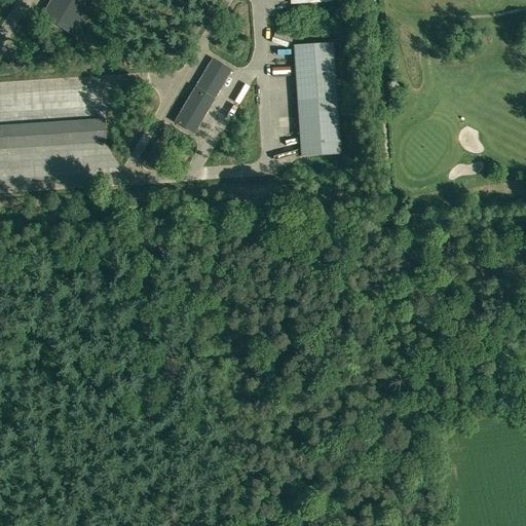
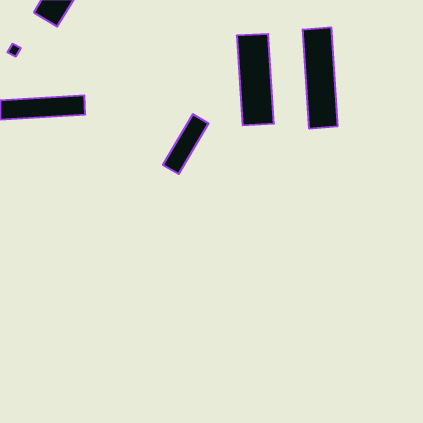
building: none -> [303,27,337,129]
building: [175,59,231,133] -> [163,114,209,174]

